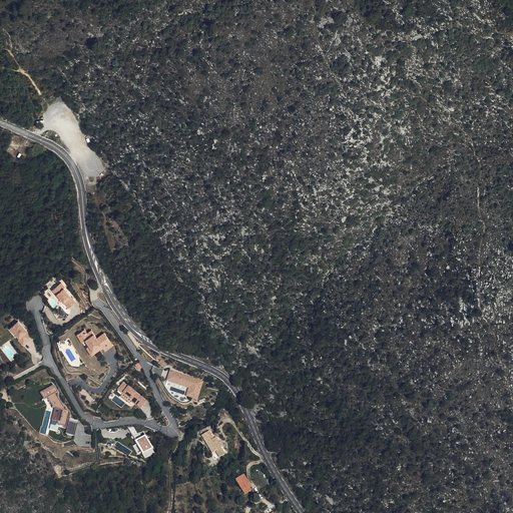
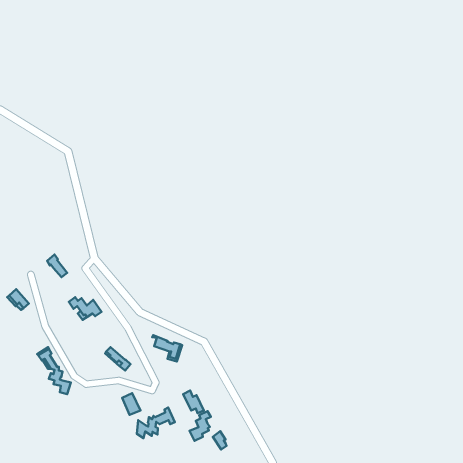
building: none -> [137,408,175,438]
building: none -> [189,411,211,441]

